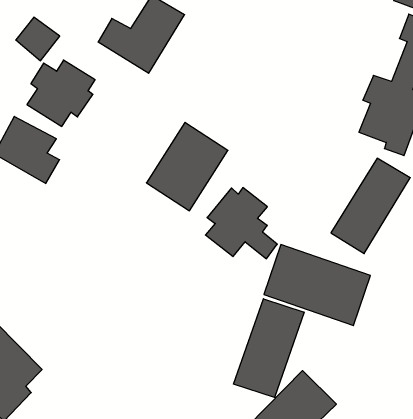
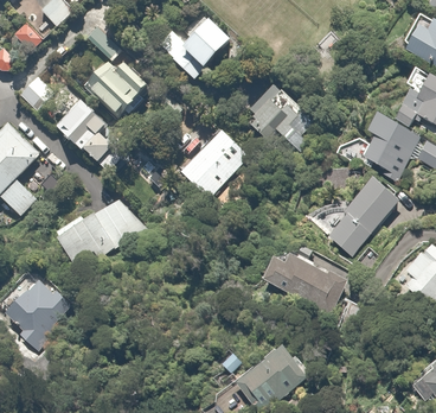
building: [205,188,277,259] -> [249,85,307,148]
building: none -> [54,192,146,265]
building: [234,299,304,397] -> none

